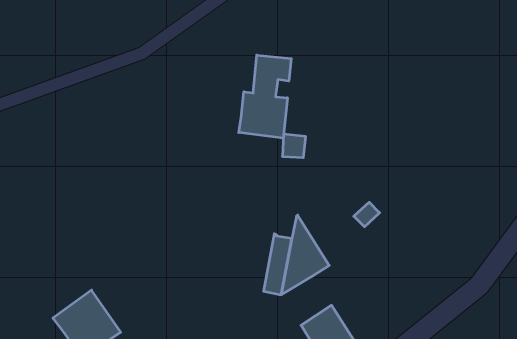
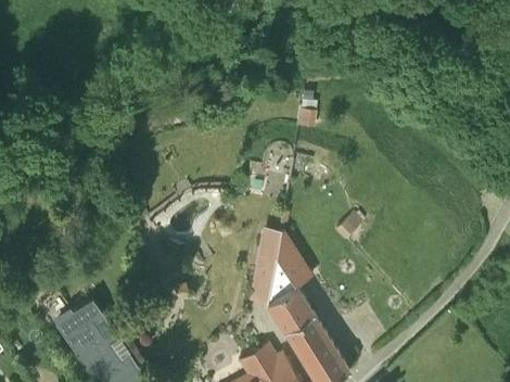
building: [239,55,291,138] -> none
building: none -> [266,285,313,331]

